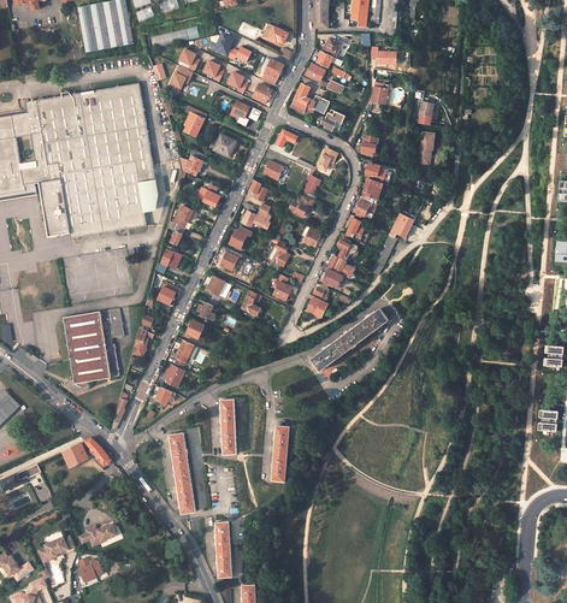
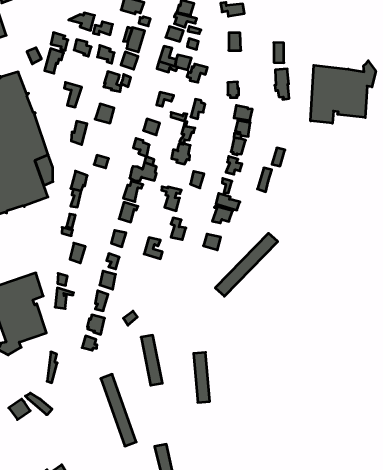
building: none -> [311,61,376,123]

